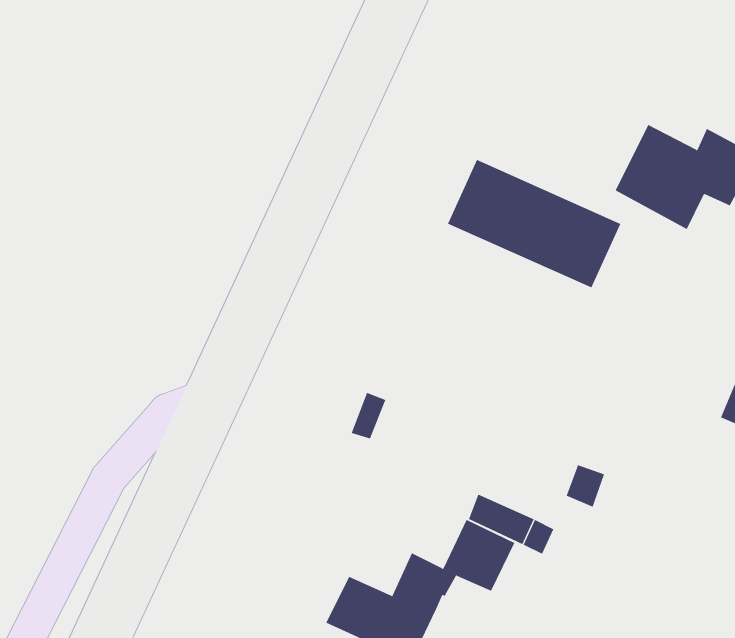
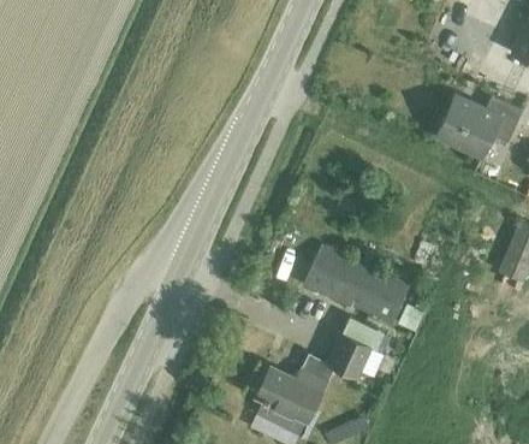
building: [447,159,621,288] -> [303,247,410,326]

